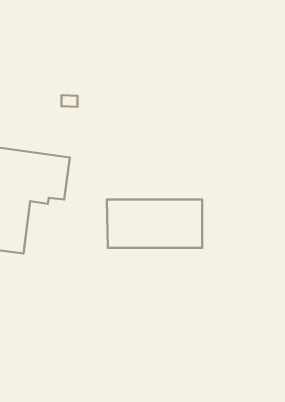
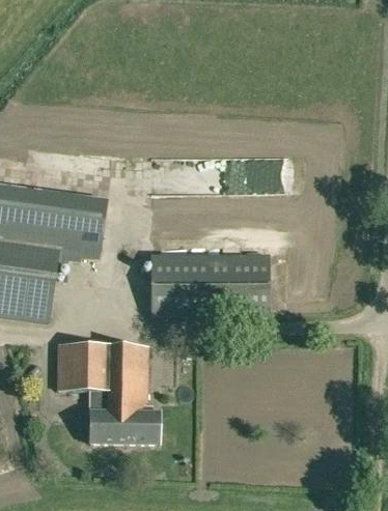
building: none -> [58,343,160,443]

